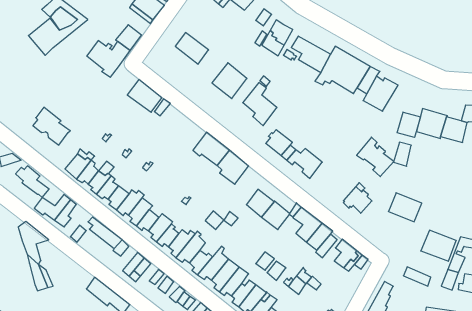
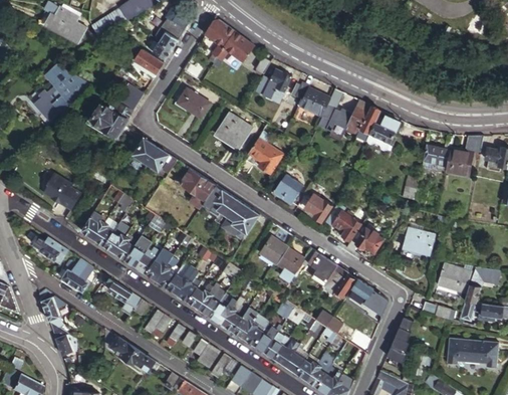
building: [397,112,420,137] -> none
building: none -> [180,168,216,209]
building: [357,137,394,177] -> [325,203,362,241]

